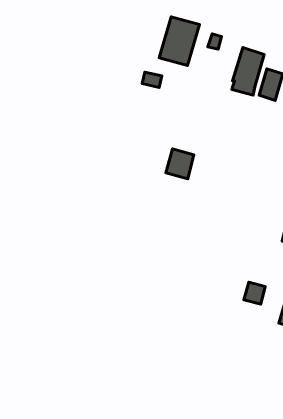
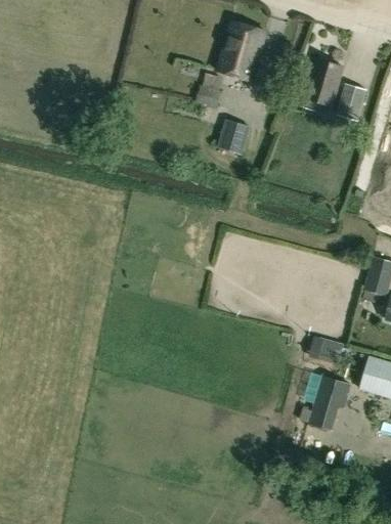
building: [166,149,194,179] -> [216,120,250,156]
building: none -> [307,376,350,430]

